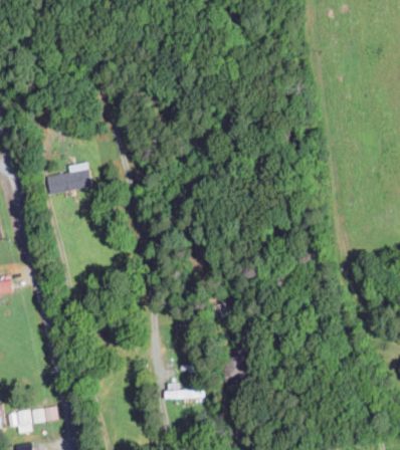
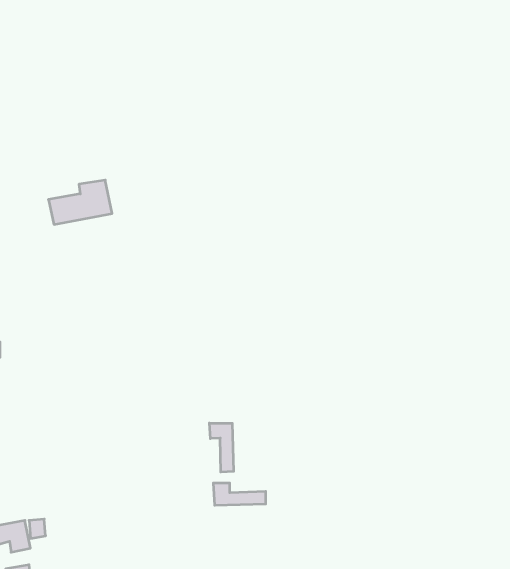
building: none -> [209,423,234,472]

